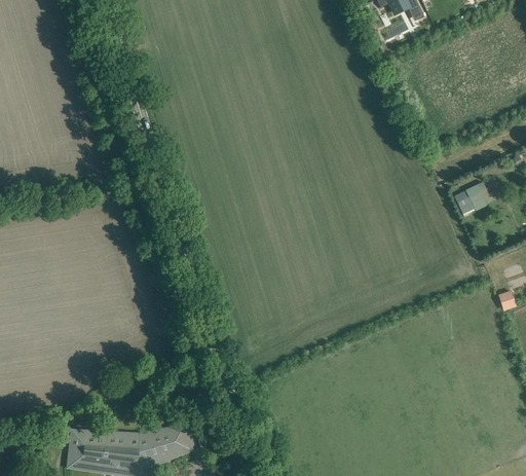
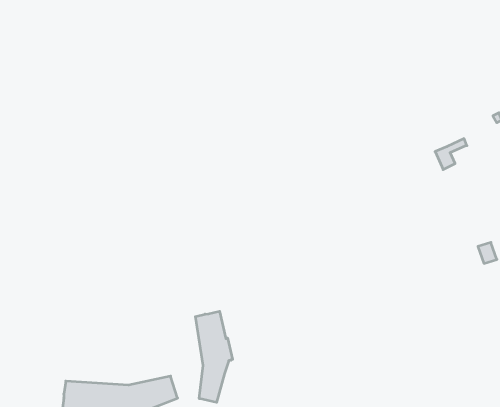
building: none -> [195,311,233,402]

